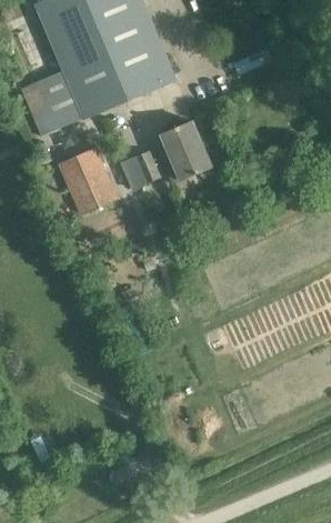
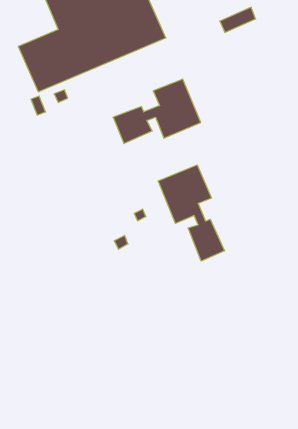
building: [58,148,118,213] -> none
building: none -> [158,165,225,261]

